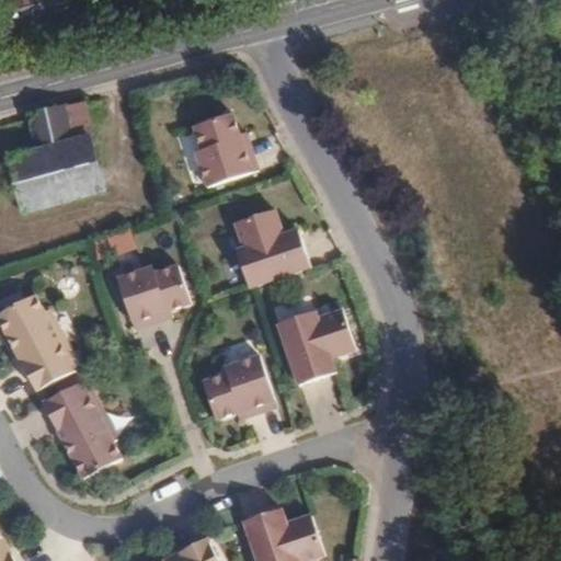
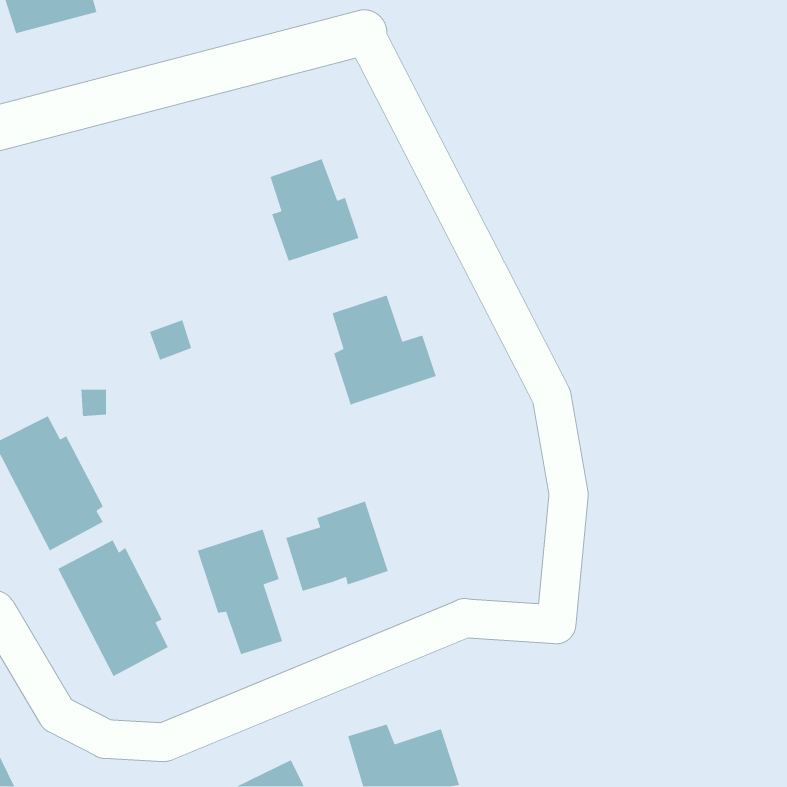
building: [9,104,103,211] -> none
building: [115,263,190,327] -> none
building: [276,309,355,385] -> none
building: none -> [196,529,283,655]

